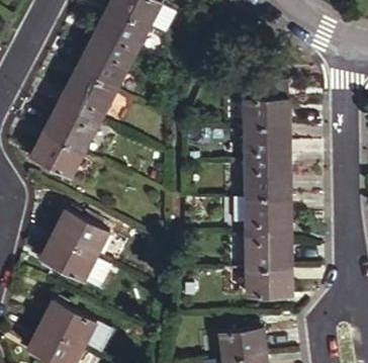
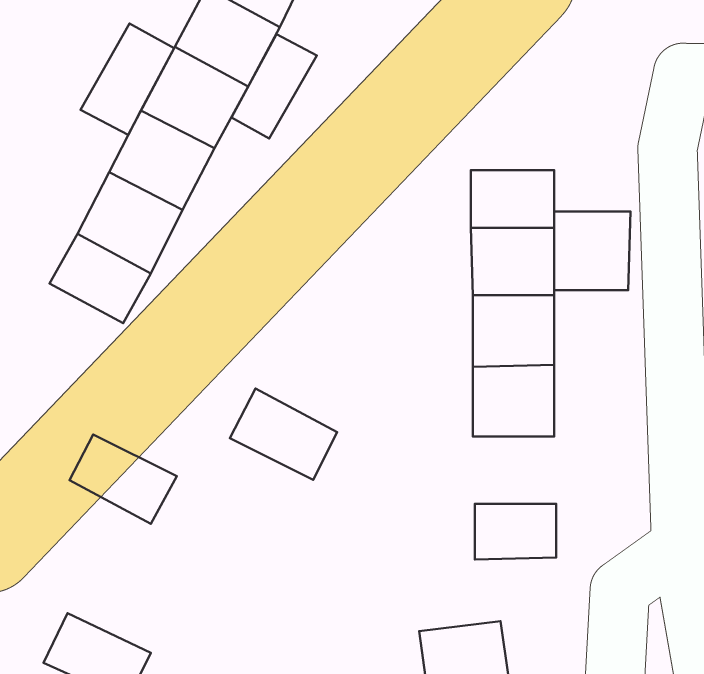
building: none -> [81,24,174,135]
building: none -> [232,34,317,139]
building: none -> [554,211,630,290]
building: [54,209,108,256] -> [230,388,337,480]
building: [247,236,289,270] -> none
building: [40,299,95,346] -> none

